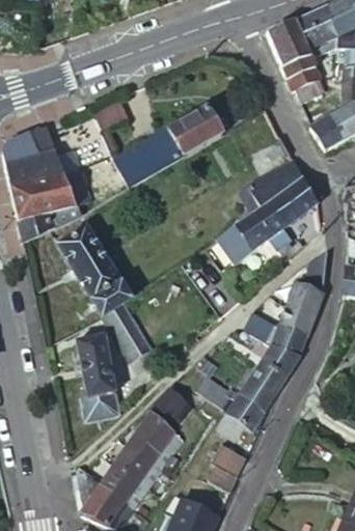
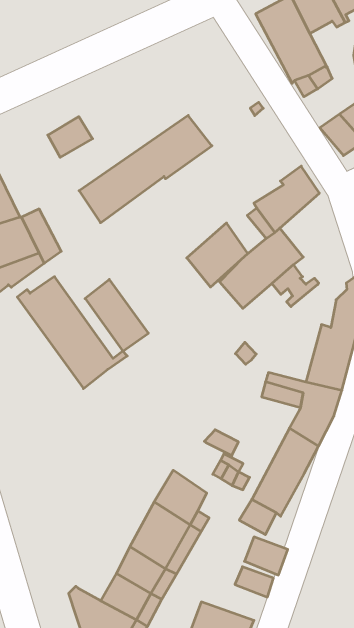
building: [270,177,319,227] -> [187,223,248,287]
building: [102,302,149,360] -> [85,279,148,351]
building: [75,338,117,421] -> none

